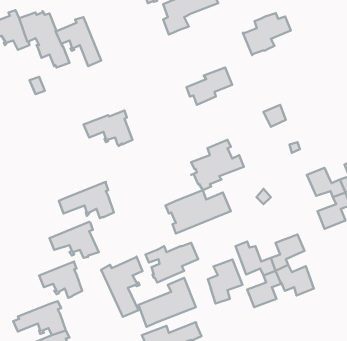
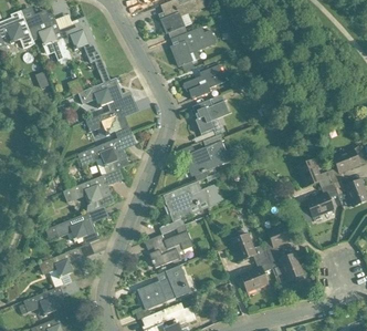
building: [243,13,291,55] -> [170,28,216,68]
building: none -> [78,79,124,112]
building: none -> [191,95,229,135]
building: none -> [76,137,129,172]
building: [101,257,142,317] -> none
building: [208,259,243,304] -> none

